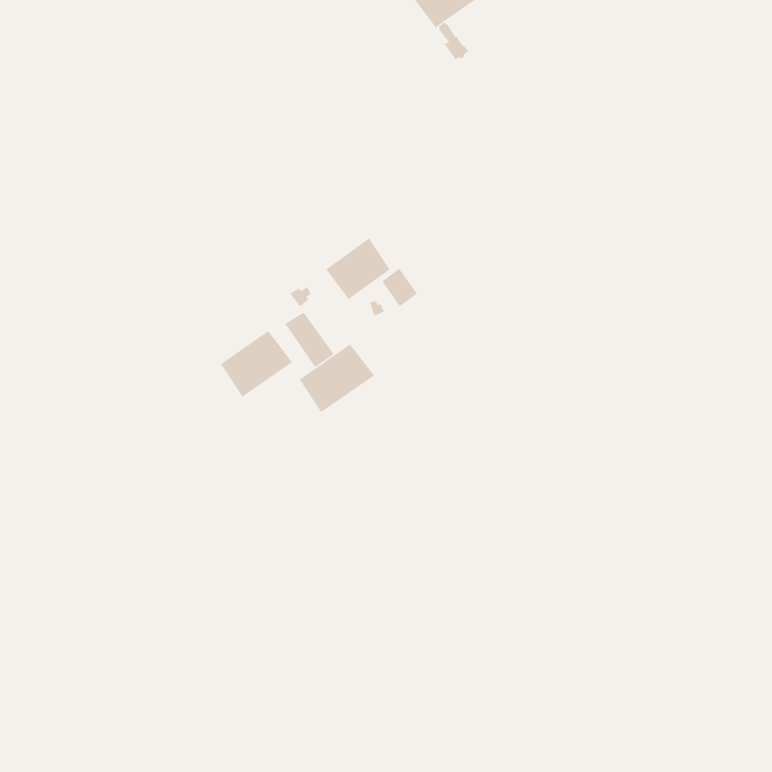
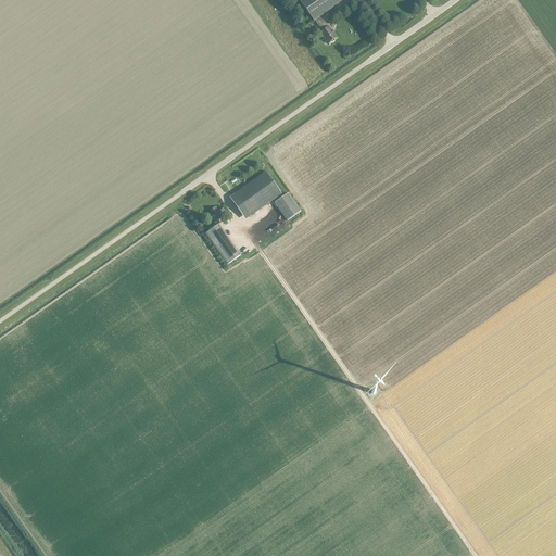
building: [220,330,293,397] -> none
building: [299,344,375,413] -> none

